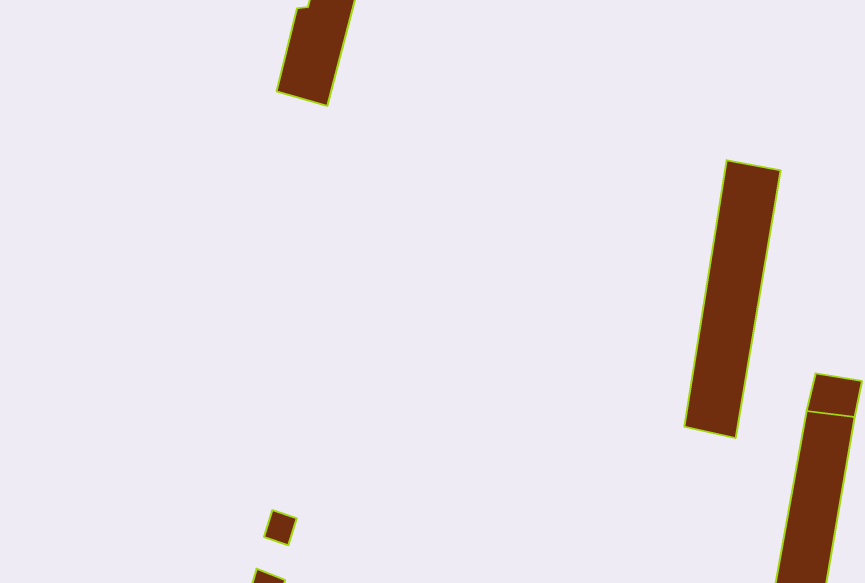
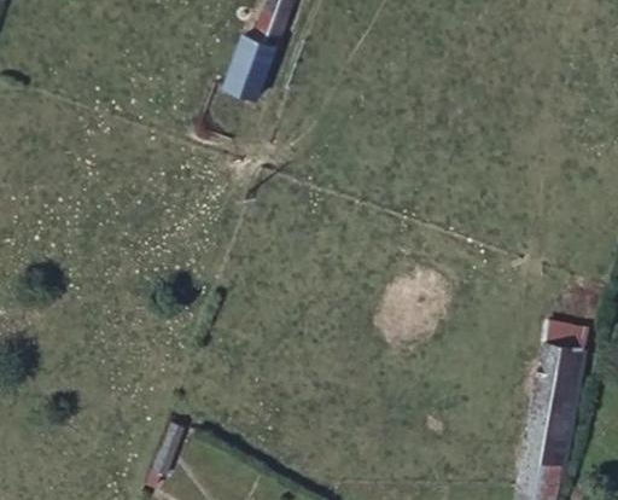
building: [684,160,780,438] -> none

